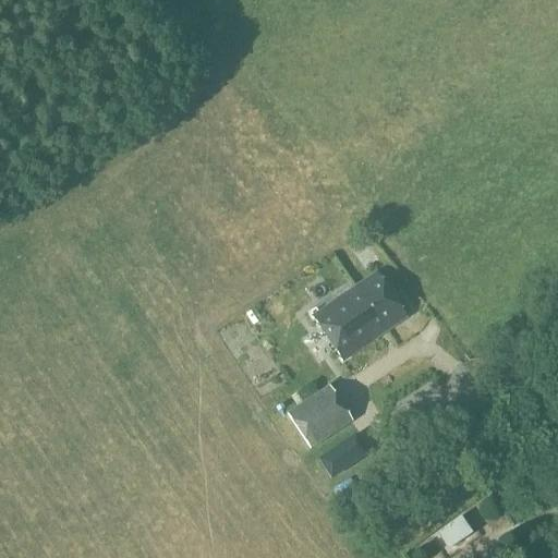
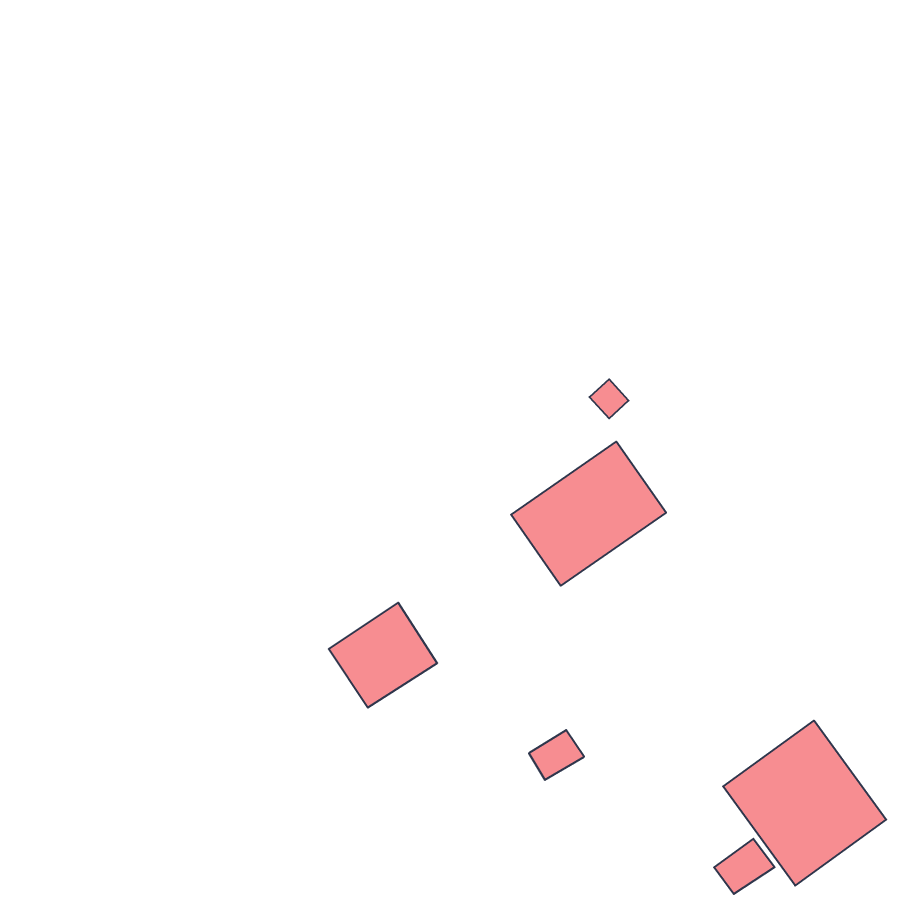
building: [288,381,354,446] -> [329,603,437,708]
building: none -> [723,721,886,886]

